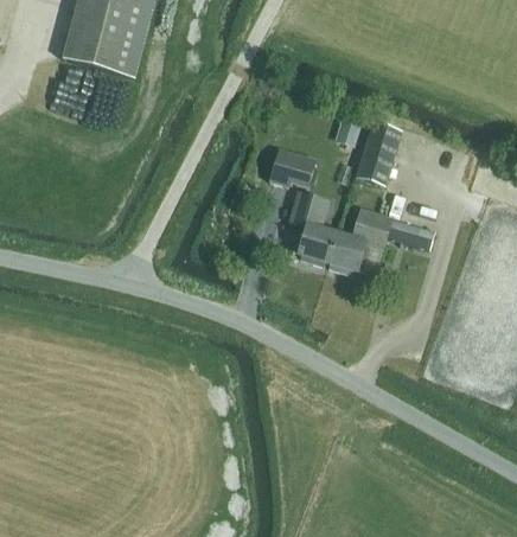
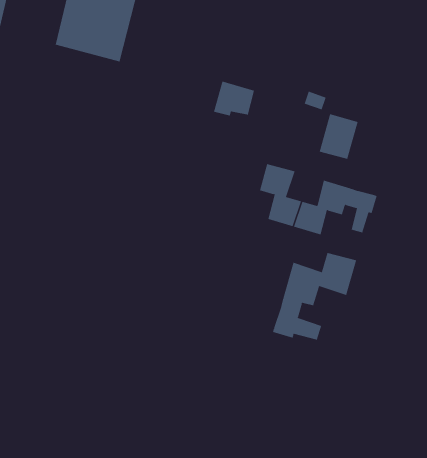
building: [269,147,315,186] -> [213,81,255,116]
building: none -> [272,252,357,341]

